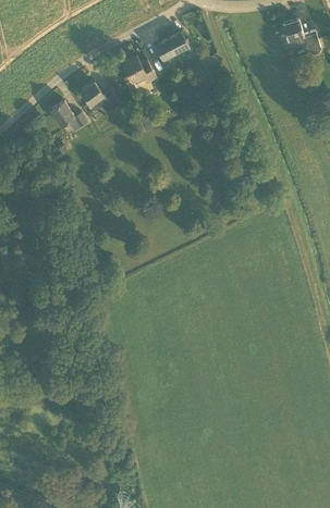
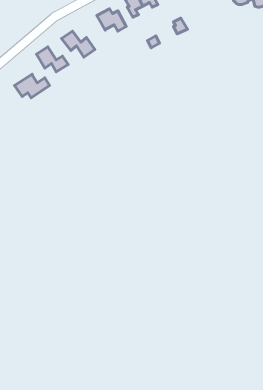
building: none -> [14,74,50,98]

